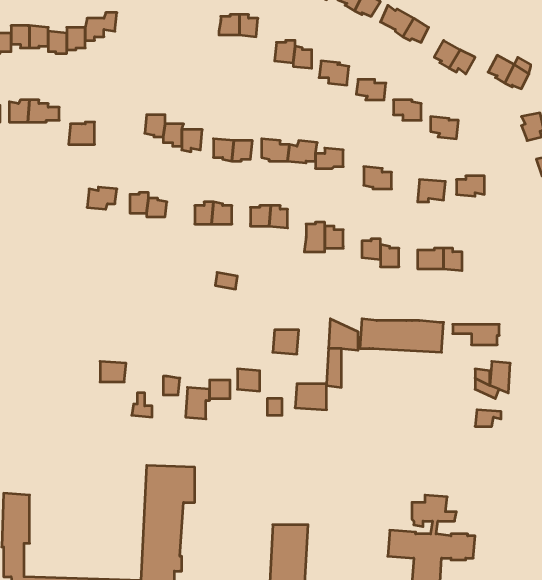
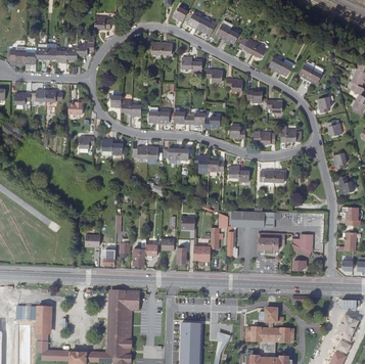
building: none -> [259,232,285,249]

